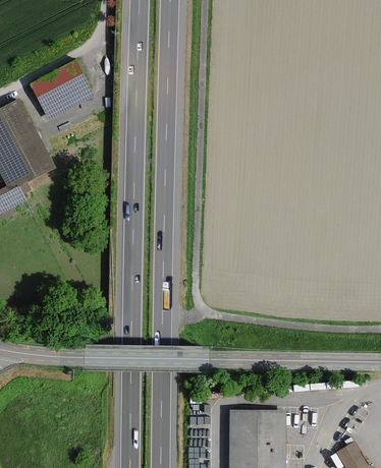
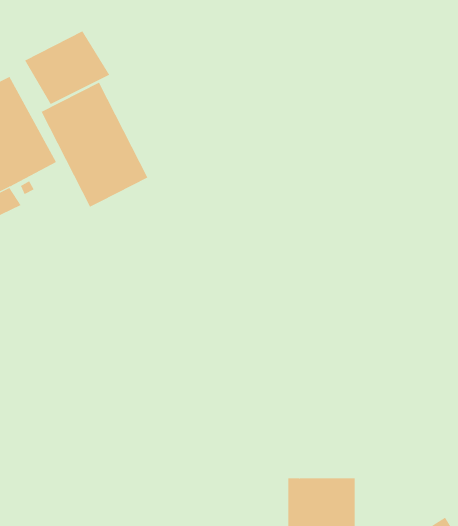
building: none -> [41,82,148,208]

